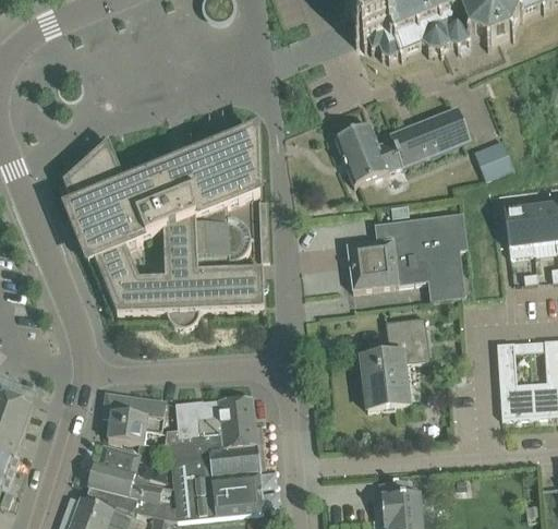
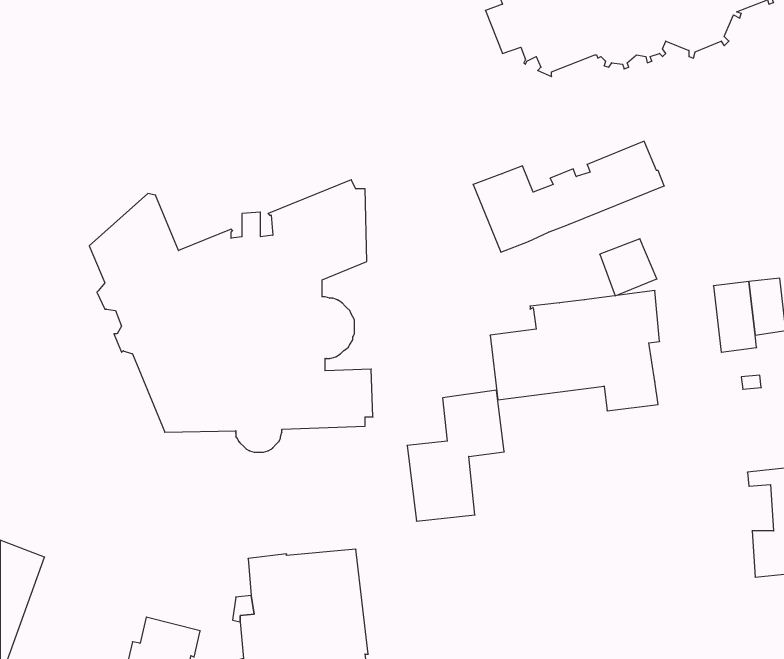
building: [474,140,514,180] -> [600,239,657,296]
building: [361,316,429,409] -> [407,390,504,521]
building: [497,341,534,418] -> none
building: [108,394,166,444] -> none

